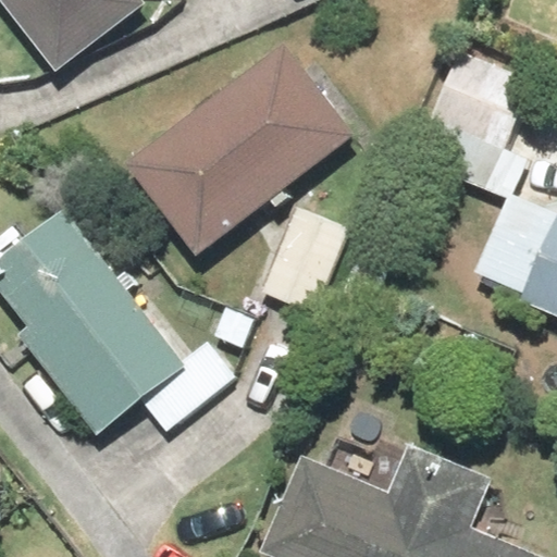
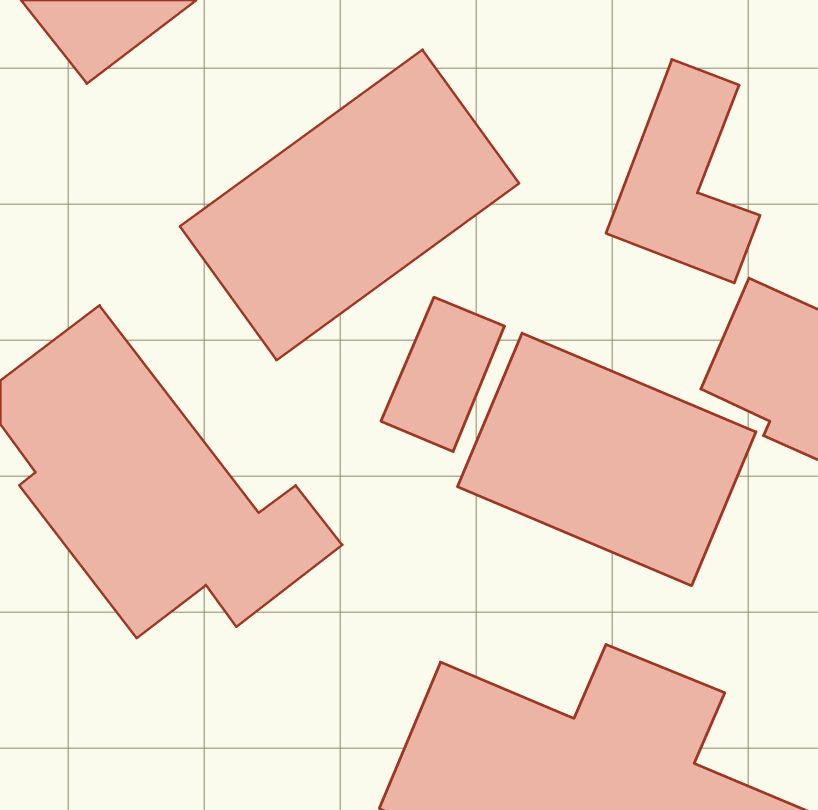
building: none -> [458,333,756,586]

